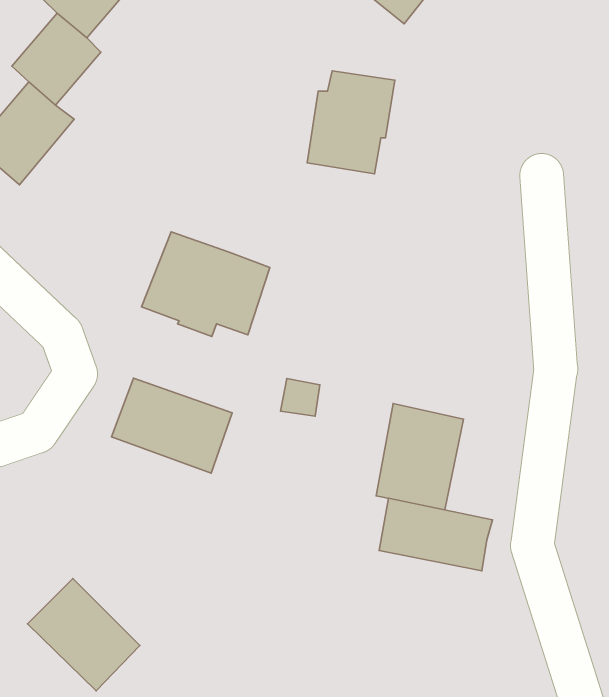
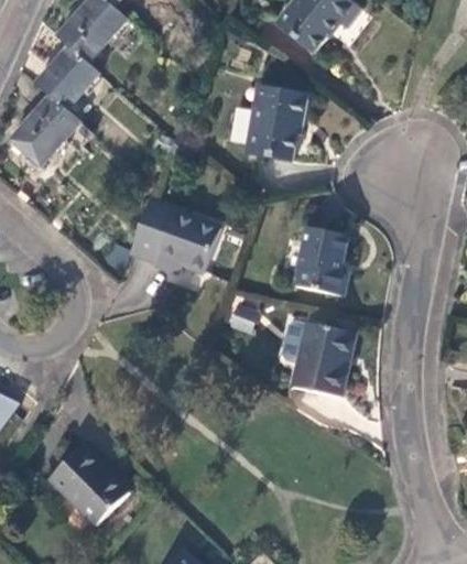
building: none -> [295,226,348,294]
building: [112,378,232,473] -> none
building: [379,498,493,571] -> none

